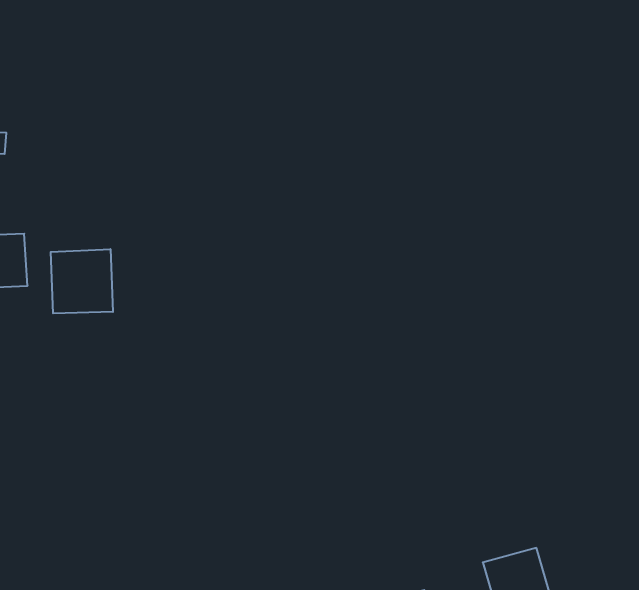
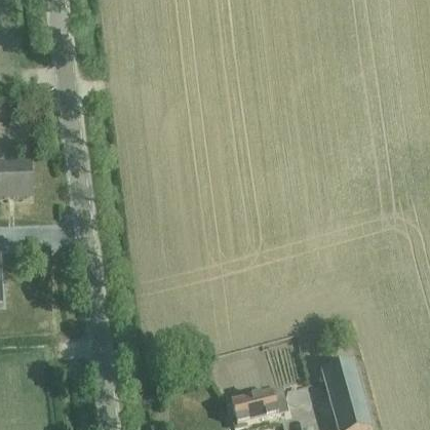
building: [51,249,113,313] -> none

